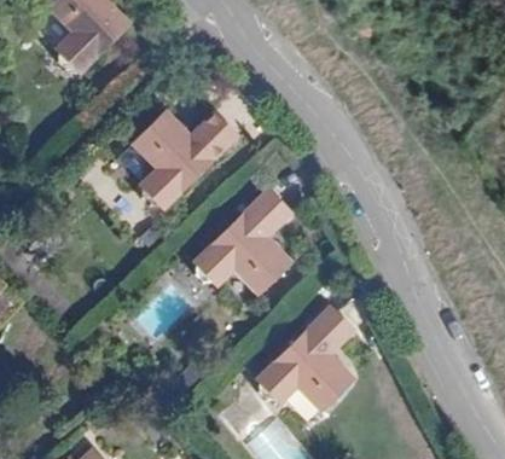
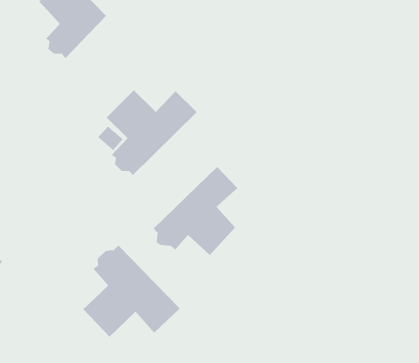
building: none -> [83,245,180,337]
building: [250,307,349,412] -> none

